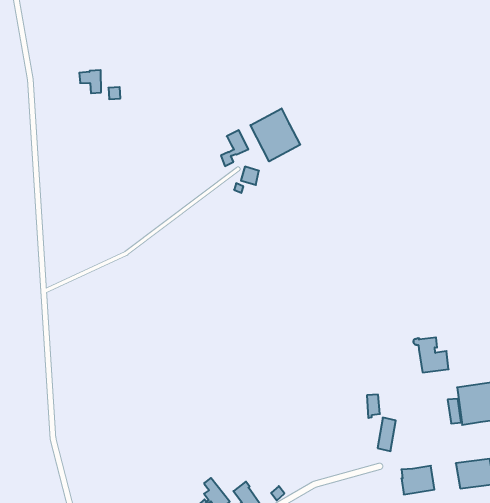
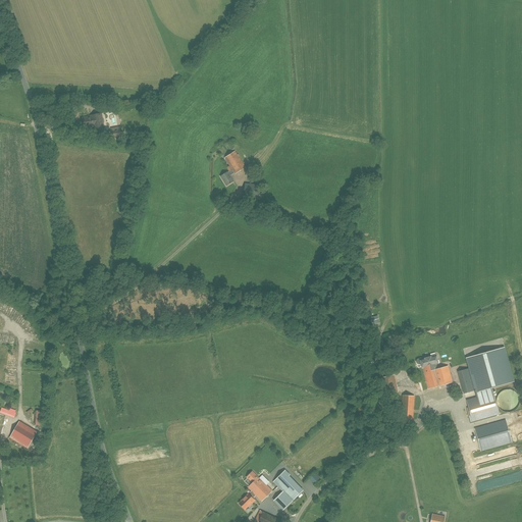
building: [250,108,300,161] -> none
building: [413,337,449,372] -> [416,354,452,387]
building: [401,466,434,494] -> [466,392,499,421]

